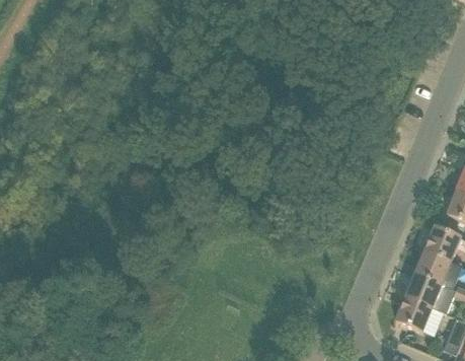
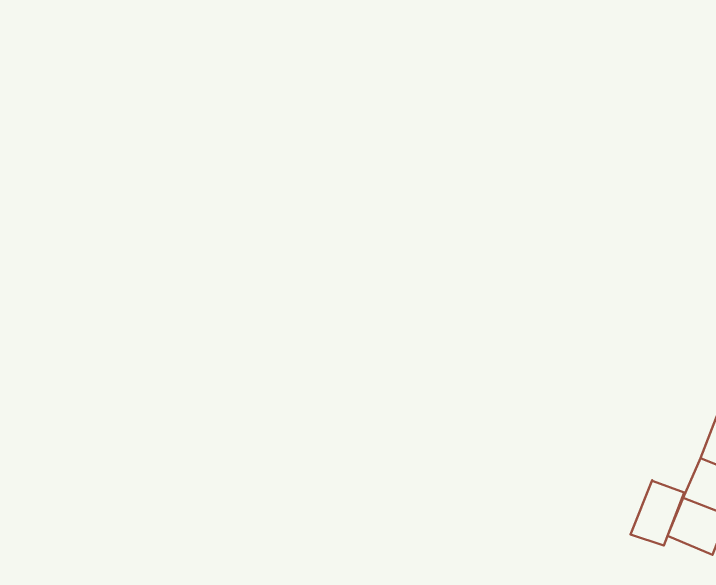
building: none -> [631,480,684,546]

